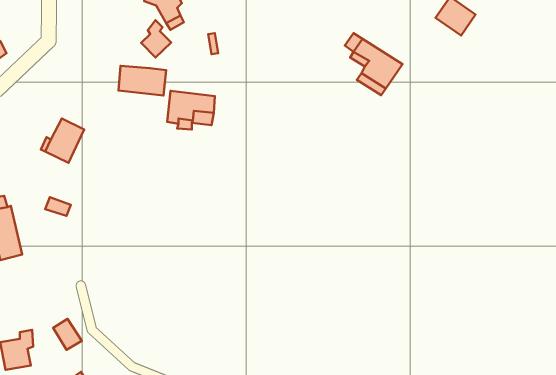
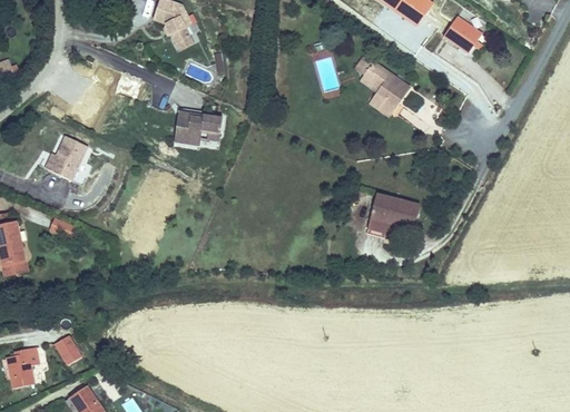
building: [141,20,171,57] -> none
building: [118,66,166,96] -> none
building: none -> [368,192,419,222]

